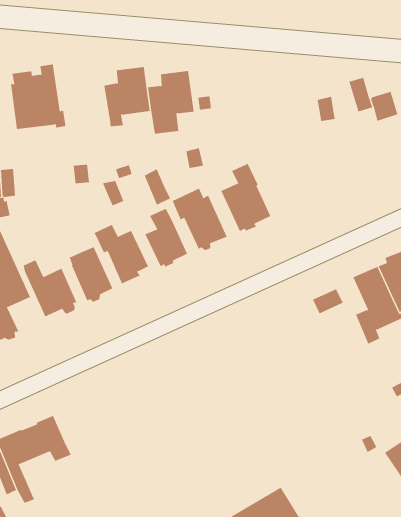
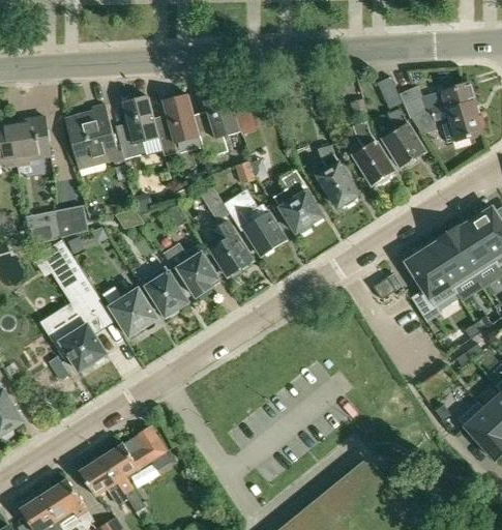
building: none -> [114,95,163,158]
building: none -> [383,108,423,166]
building: none -> [352,121,392,184]
building: none -> [316,145,357,207]

